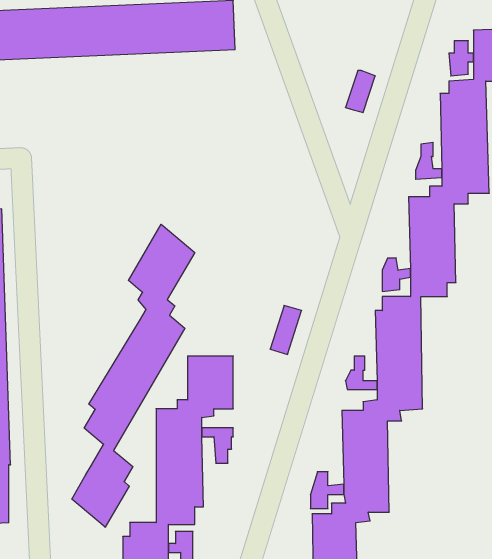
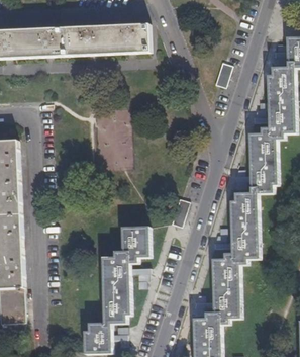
building: [72,224,195,527] -> none

